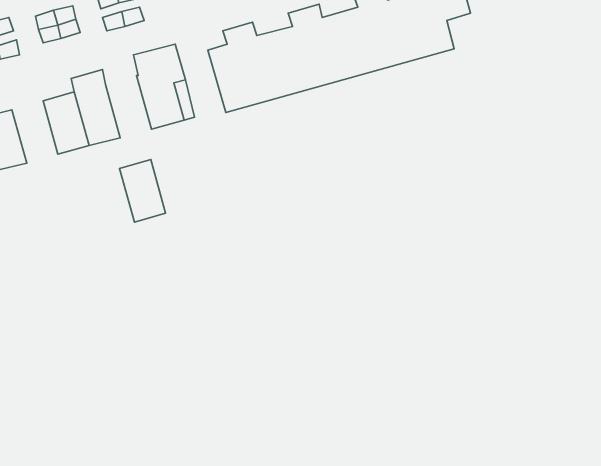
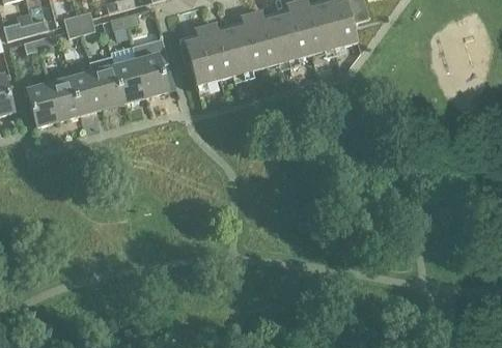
building: none -> [47,78,79,121]
building: [120,160,166,222] -> [112,60,144,104]

